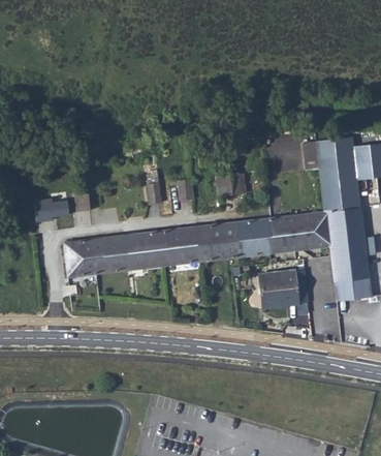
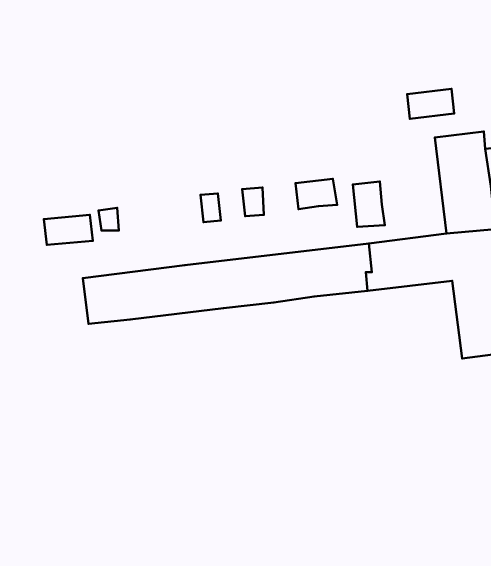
building: none -> [407,89,454,119]
building: none -> [353,182,385,227]
building: [259,271,309,308] -> none

